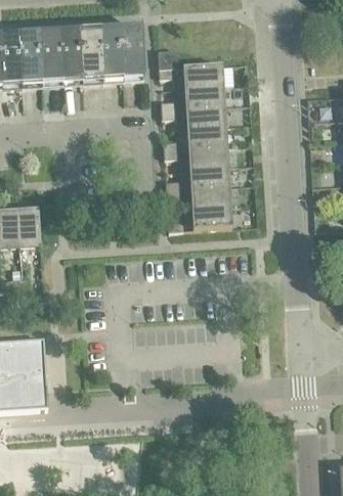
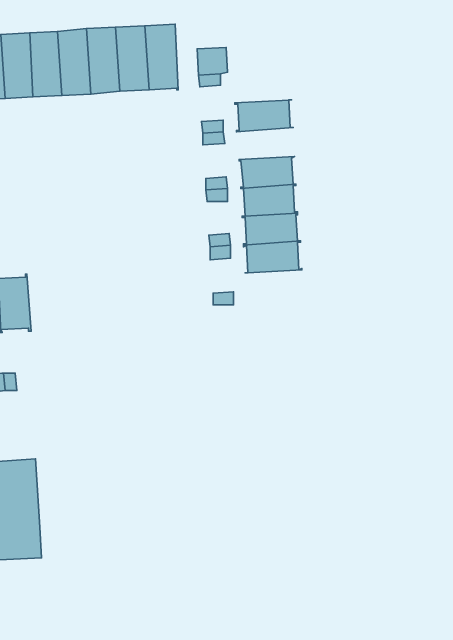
building: [181,62,222,86] -> none
building: [183,103,224,126] -> none
building: [189,204,230,227] -> none

